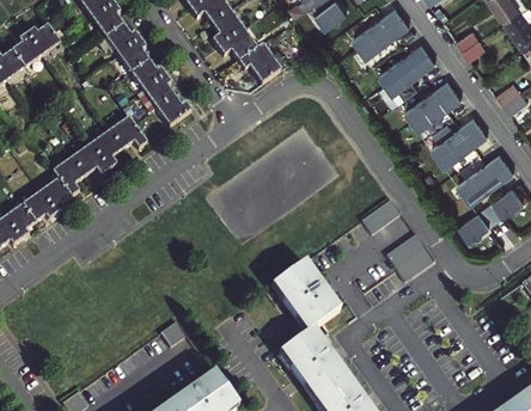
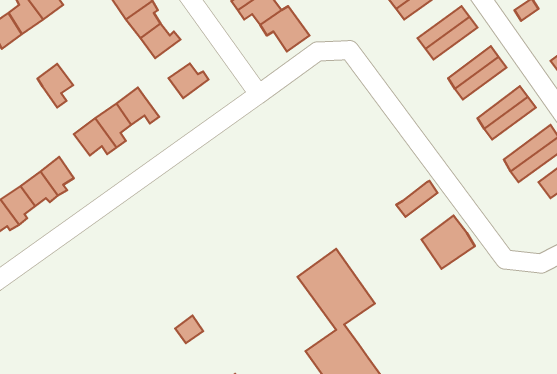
building: [144,75,175,110] -> none
building: [53,160,85,200] -> [37,64,73,108]
building: [462,203,499,238] -> none

